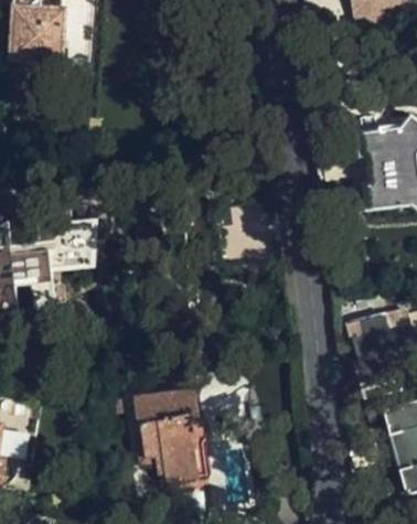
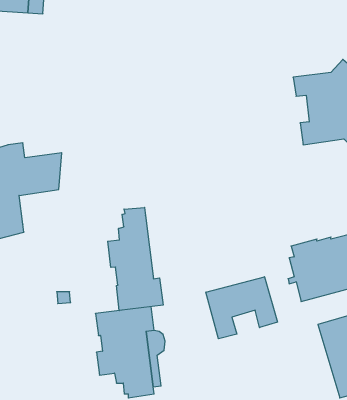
building: none -> [108,207,163,311]
building: none -> [206,277,277,339]

